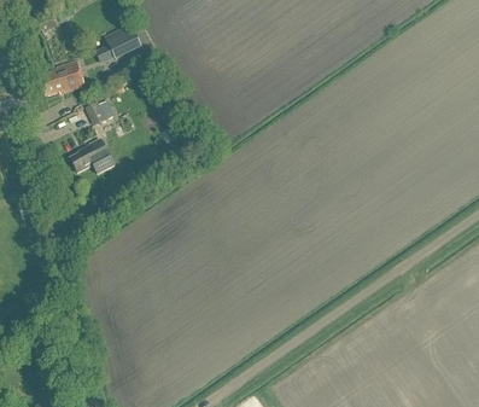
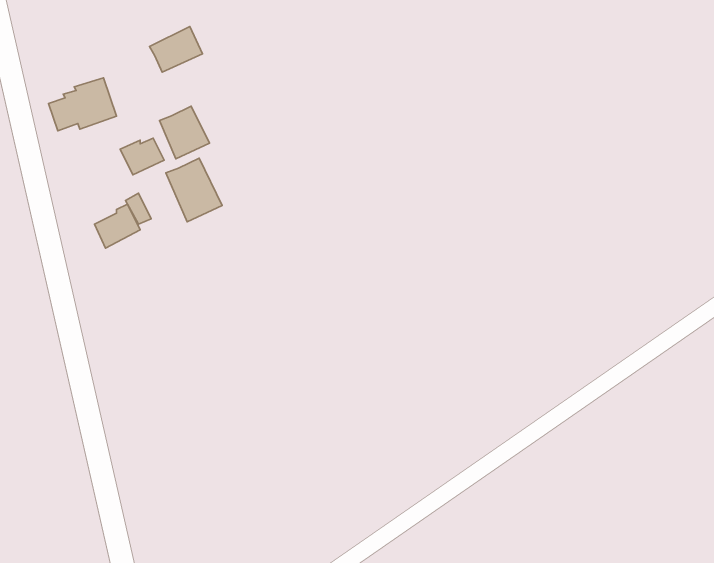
building: none -> [159,106,209,159]
building: none -> [166,158,222,222]

